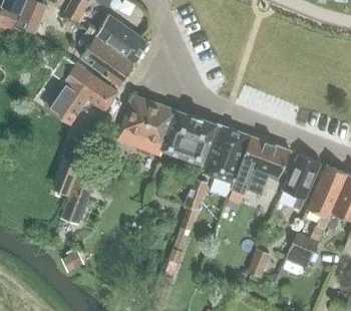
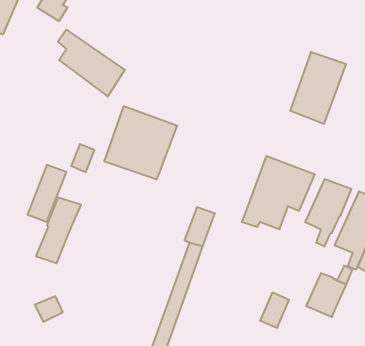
building: [96,14,148,64] -> none
building: [44,64,118,124] -> none
building: [162,110,218,165] -> none
building: [205,125,251,185] -> [290,52,346,124]

